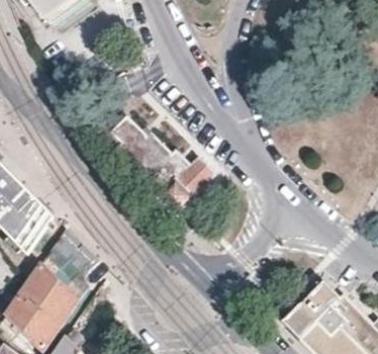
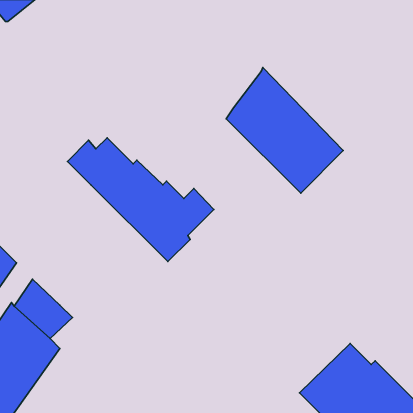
building: none -> [226,68,343,193]

